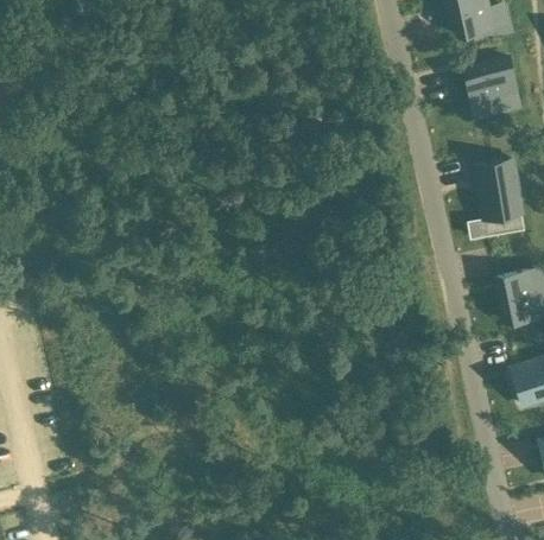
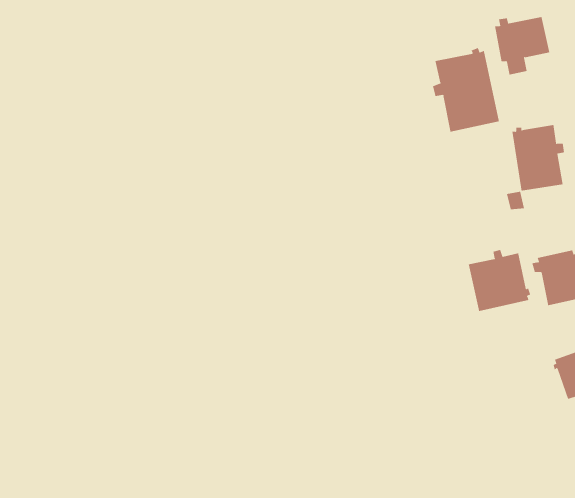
building: none -> [433,47,500,133]
building: none -> [468,249,531,312]

